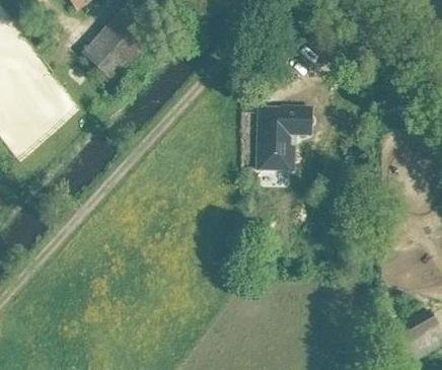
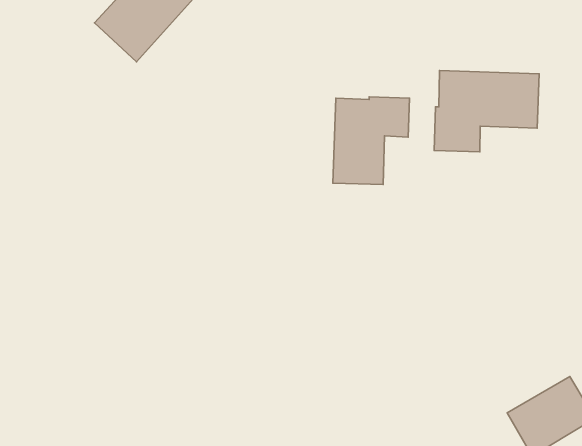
building: none -> [434,71,539,152]

